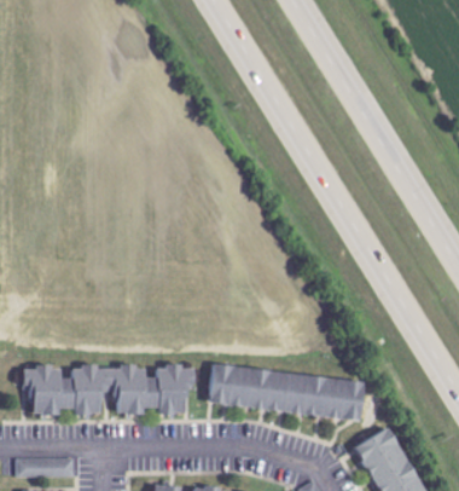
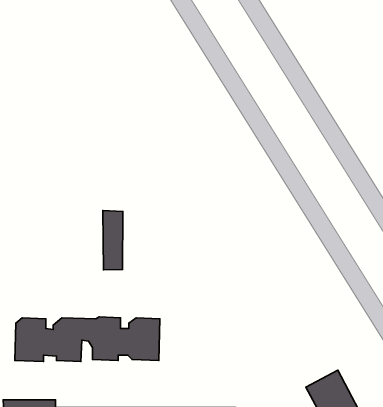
building: none -> [103,211,123,270]
building: [209,365,365,420] -> none

